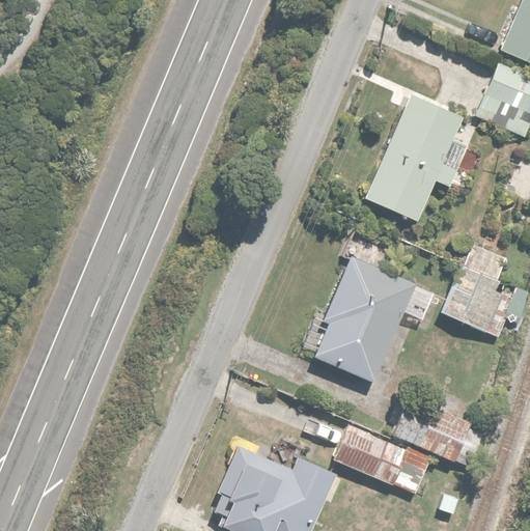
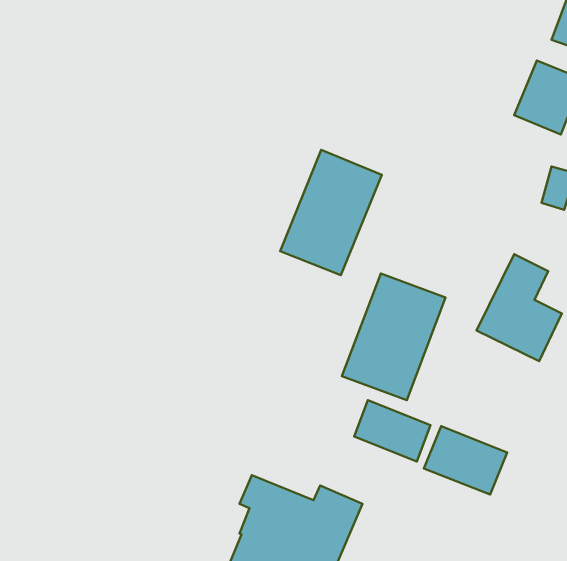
building: [369,103,462,217] -> [280,150,382,275]
building: [335,428,405,484] -> [354,400,430,462]

